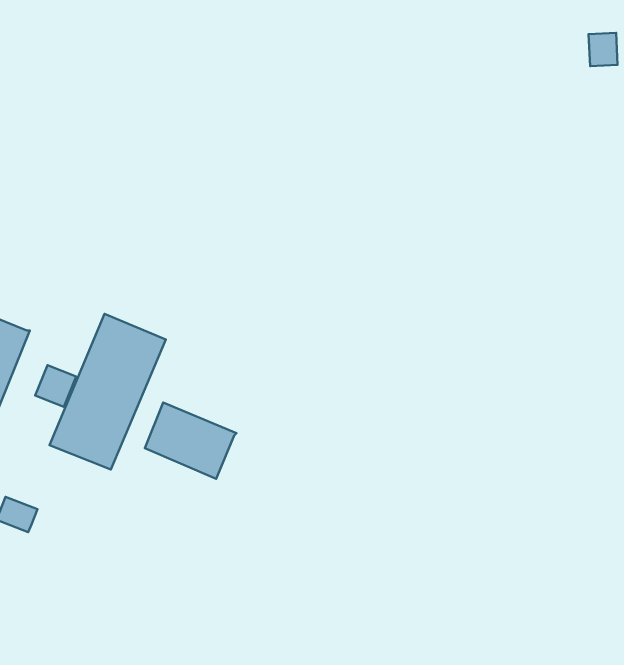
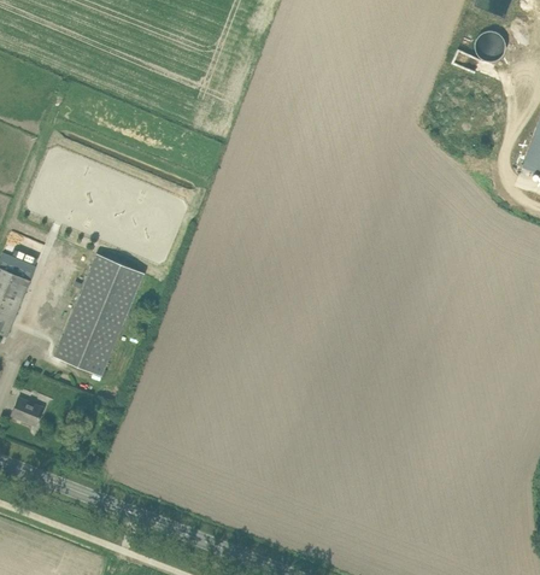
building: [35,365,76,407] -> none
building: [145,403,236,479] -> none

